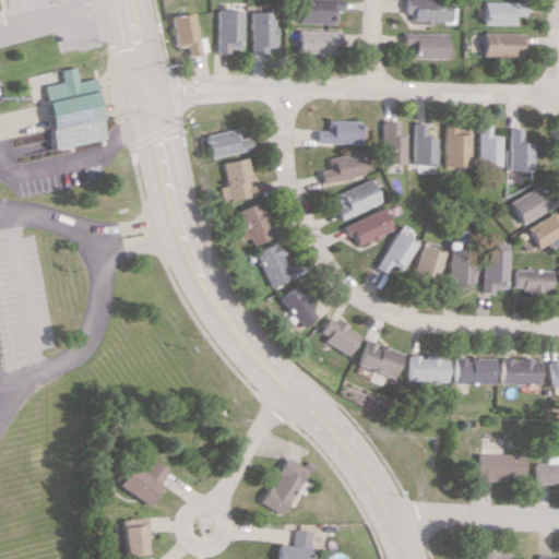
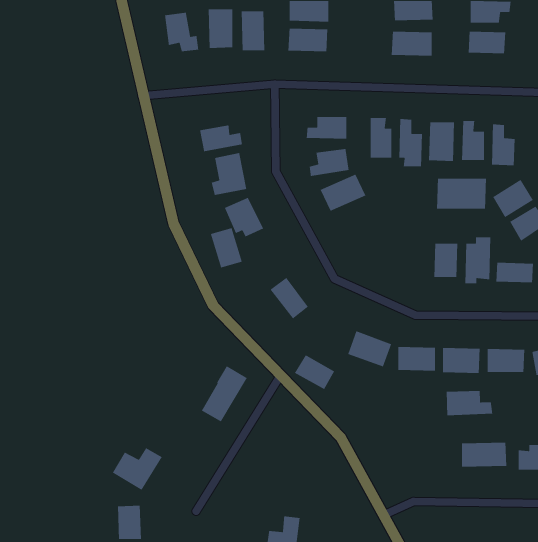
building: [43,68,108,151] -> none
building: none -> [436,178,487,209]
building: [345,210,393,247] -> none
building: [378,233,419,275] -> none
building: [261,245,295,287] -> [210,227,243,269]
building: [415,247,447,282] -> none
building: [322,318,365,355] -> [294,354,335,390]
building: none -> [446,390,493,416]
building: [263,457,311,516] -> [201,365,248,423]

